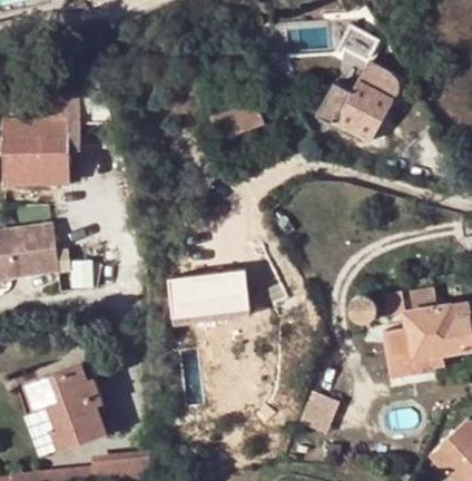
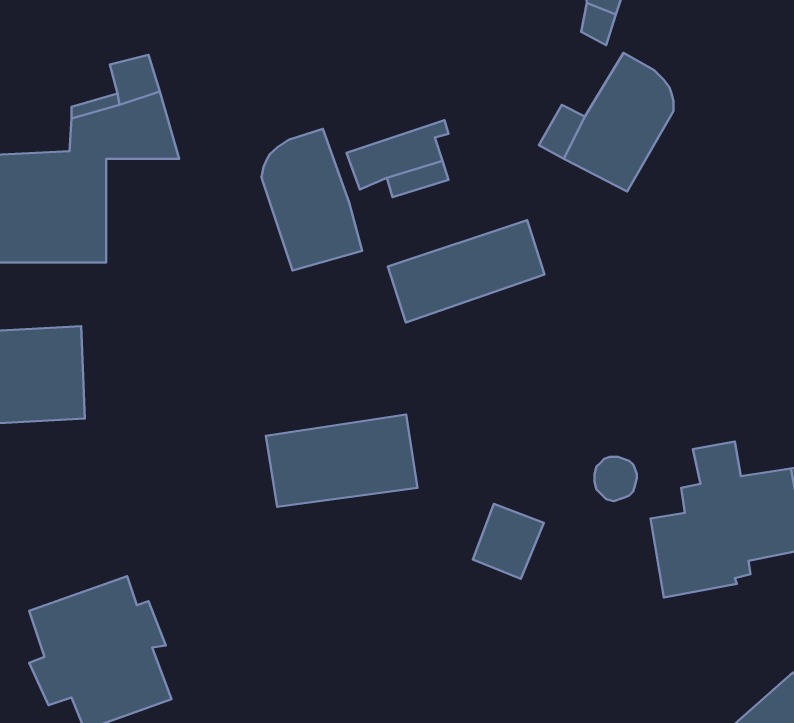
building: none -> [262,129,362,270]
building: none -> [388,220,544,322]
building: [299,389,341,432] -> [473,504,544,579]

